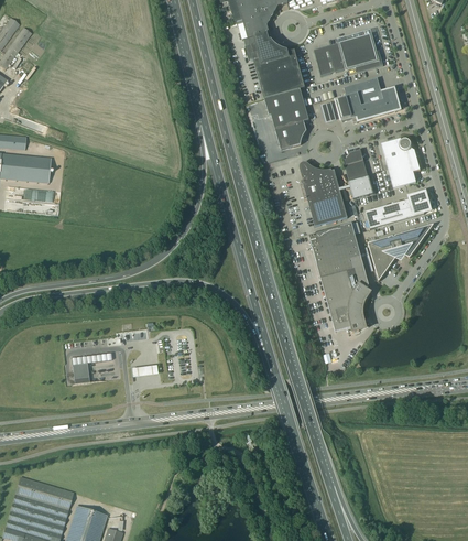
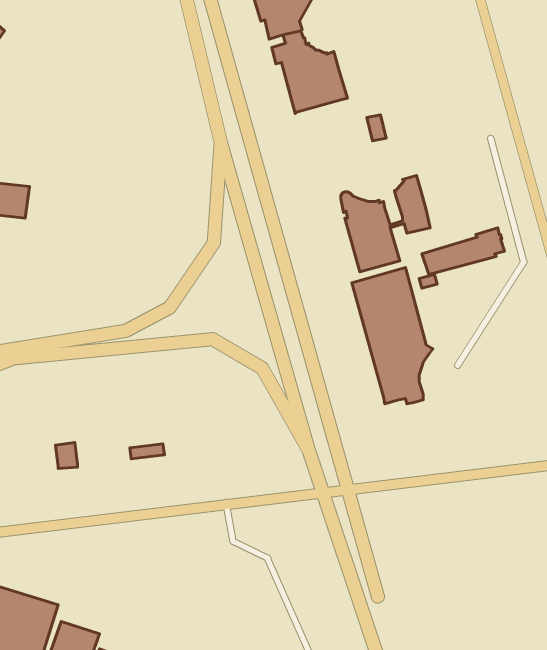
building: [313,33,383,75] -> none
building: [335,76,400,121] -> none
building: [264,87,308,149] -> none
building: [380,137,420,187] -> none
building: [368,223,433,280] -> none

